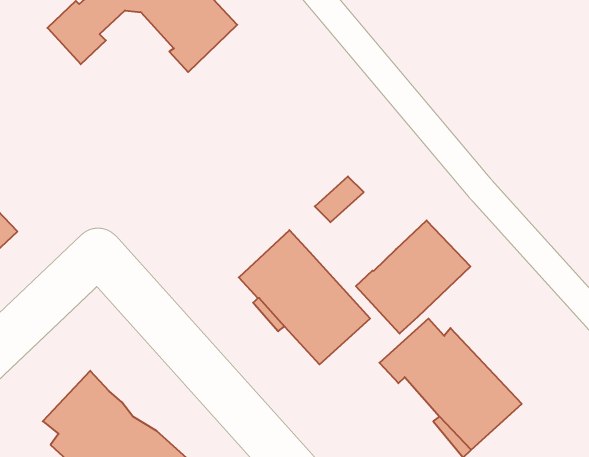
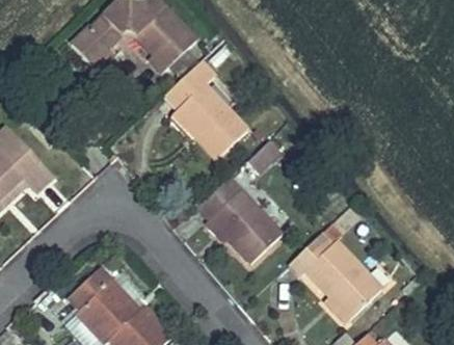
building: none -> [165,59,247,159]
building: [356,220,470,334] -> none

